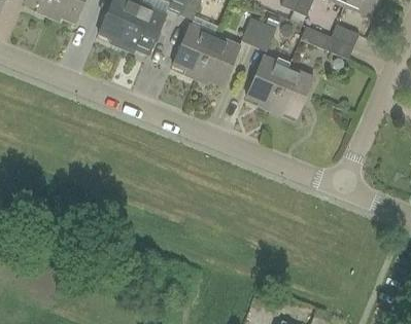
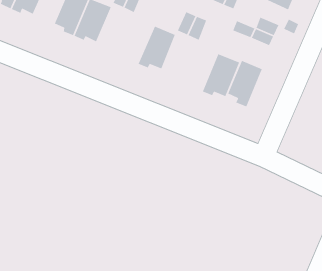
building: [173,16,218,78] -> none
building: [247,56,288,110] -> [227,60,263,107]

